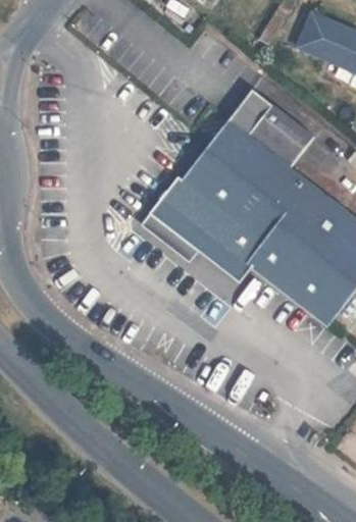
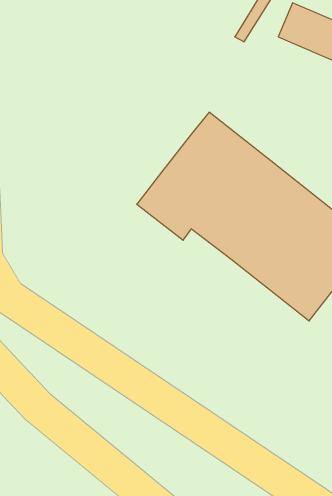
building: [230,89,315,168] -> none
building: [145,176,251,281] -> none

